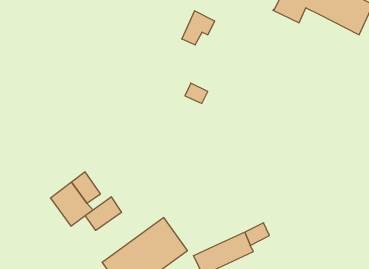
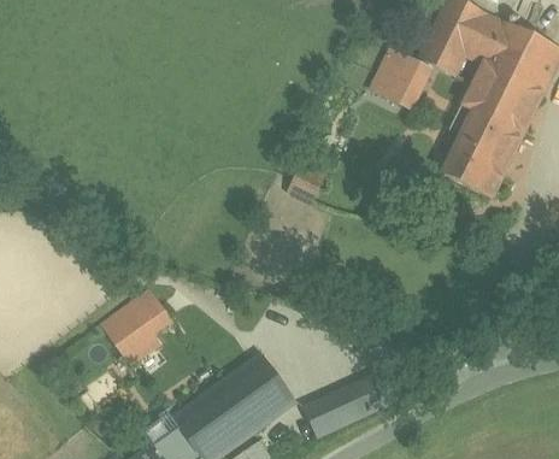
building: [182,11,215,45] -> [372,49,419,98]
building: none -> [443,63,540,196]
building: [85,197,121,230] -> none

